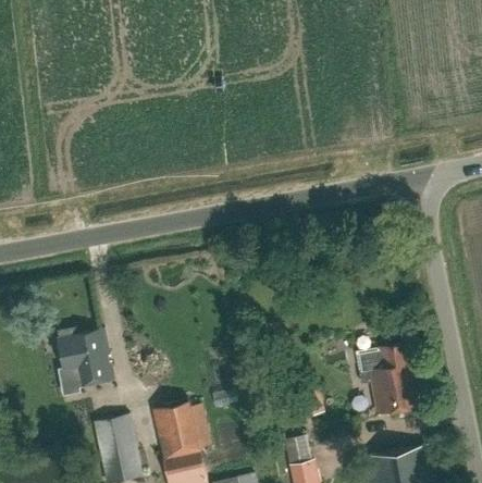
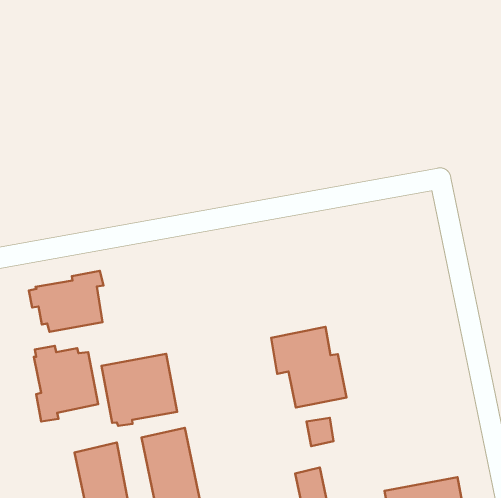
building: none -> [29,271,103,332]
building: none -> [102,354,177,426]
building: [357,345,423,416] -> [271,327,347,407]

